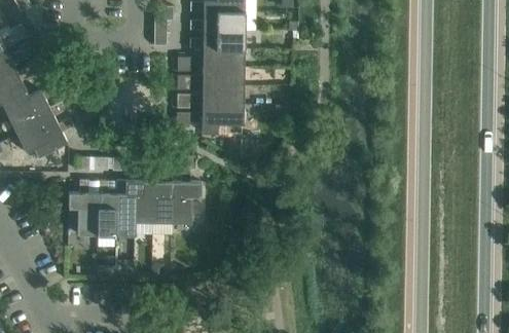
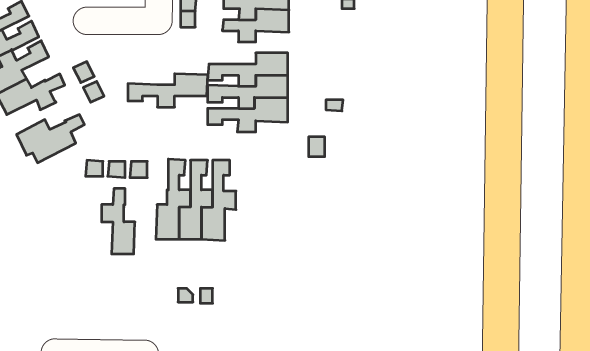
building: [177,49,244,77] -> [128,74,208,107]
building: [8,103,65,136] -> none
building: [68,181,97,235] -> none
building: [106,181,135,236] -> none

